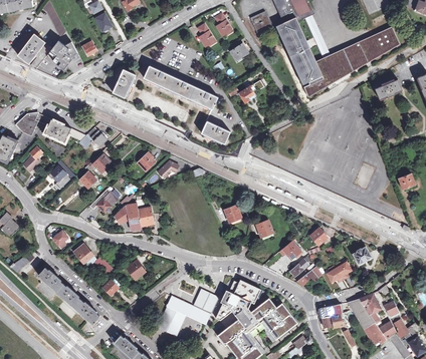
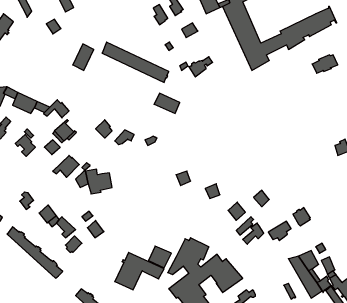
building: [46,39,78,68] -> none
building: [318,304,345,327] -> none

